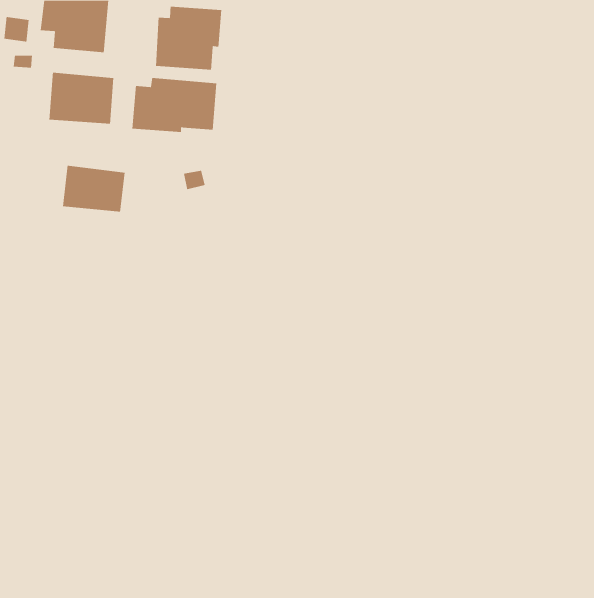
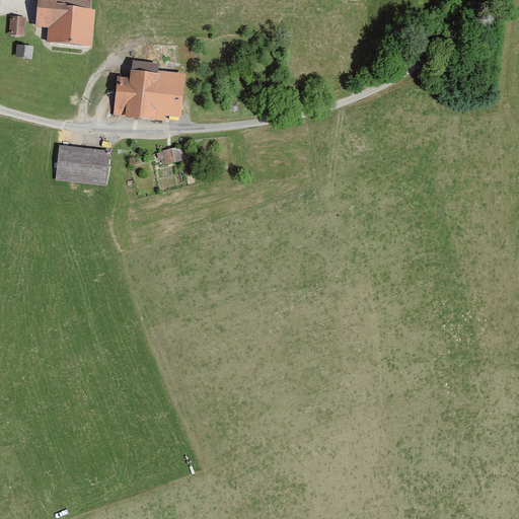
building: [156,6,222,71] -> none
building: [49,72,114,125] -> none

